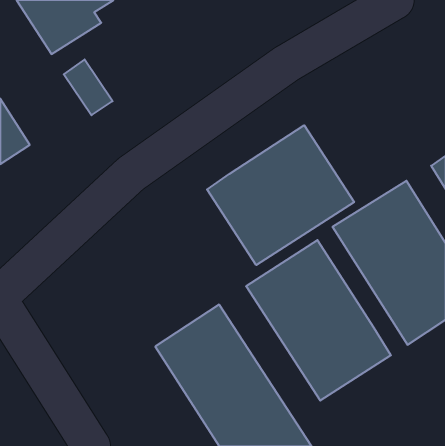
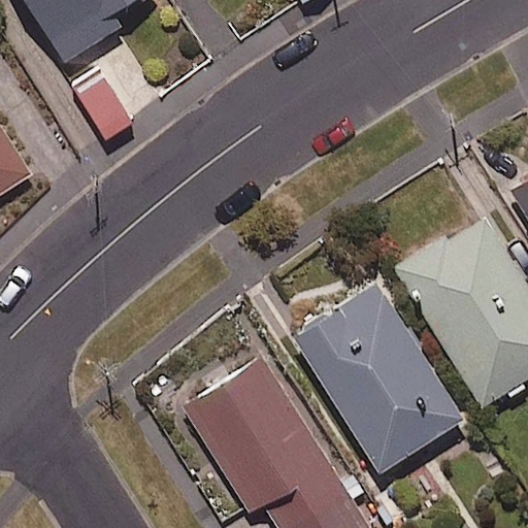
building: [207,125,354,265] -> none

